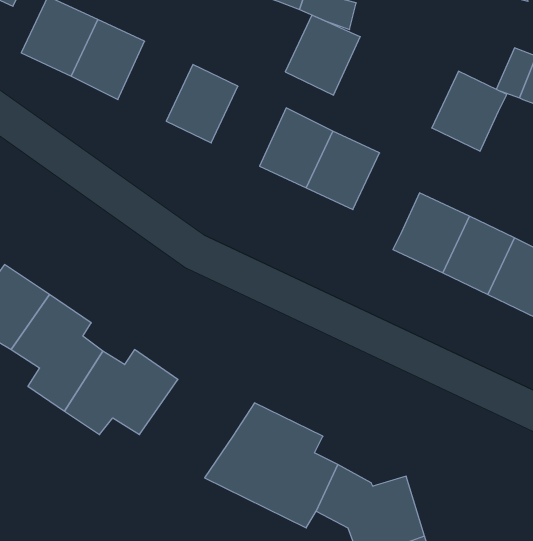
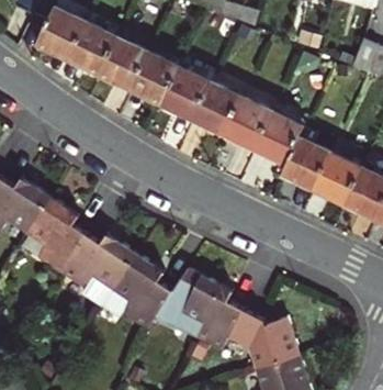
building: [285,15,360,95] -> [159,64,209,116]
building: none -> [98,34,147,87]
building: [432,71,507,151] -> [252,108,302,160]
building: none -> [112,257,173,334]

